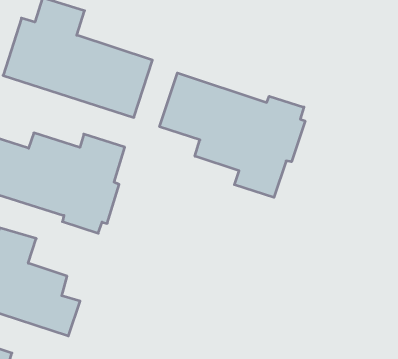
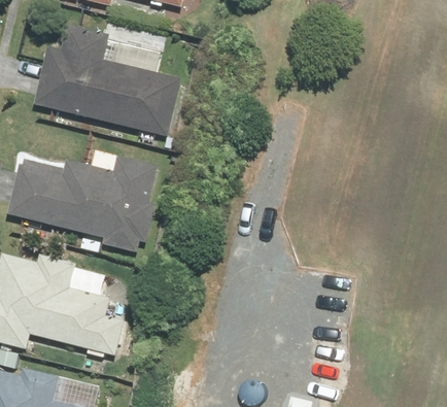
building: [160,73,305,197] -> none

